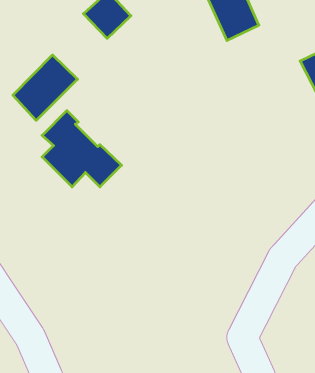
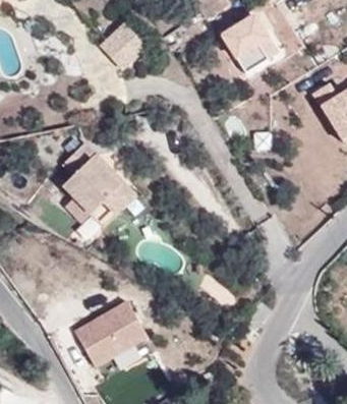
building: [13,55,78,120] -> none
building: none -> [73,299,149,367]

